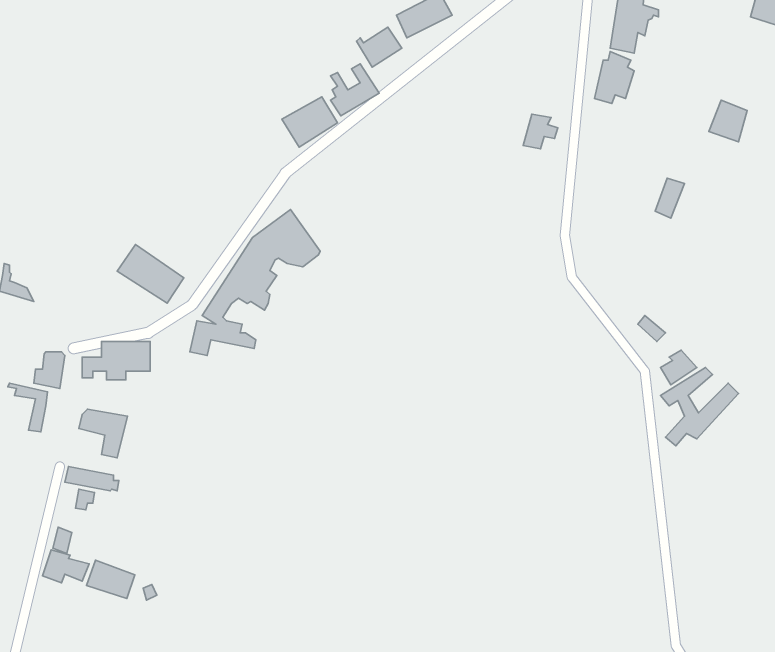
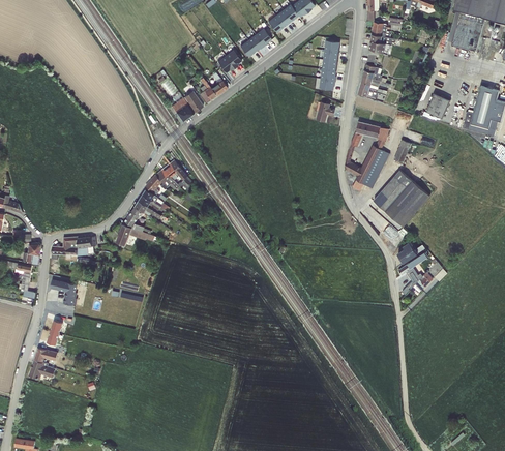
building: none -> [321,38,340,89]
building: none -> [345,120,390,190]
building: none -> [373,169,430,226]
building: [117,244,184,303] -> none
building: [86,560,135,598] -> none

